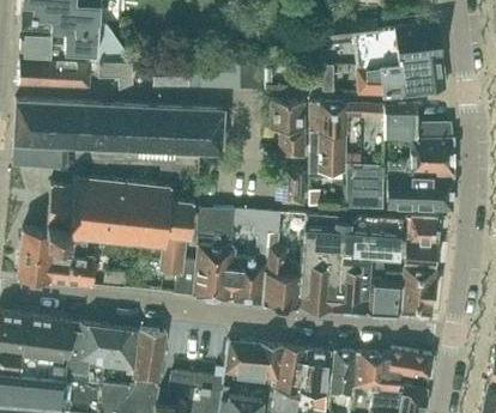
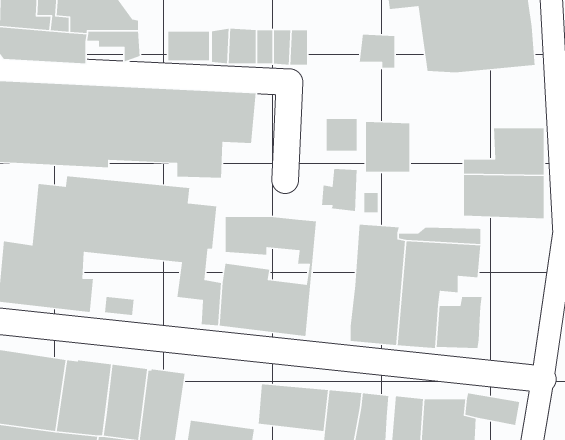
building: [270,101,304,130] -> none
building: [310,102,450,138] -> none
building: [346,163,383,208] -> none
building: [264,212,302,308] -> none
building: [400,219,440,316] -> none

